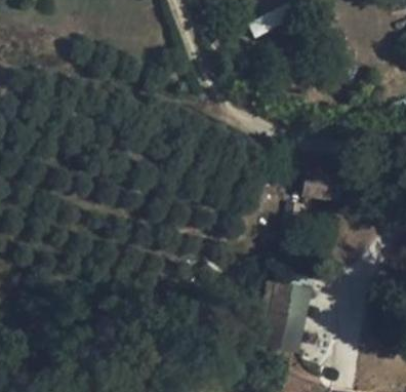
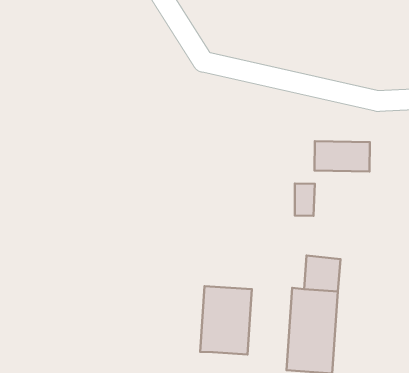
building: none -> [200,286,252,355]

